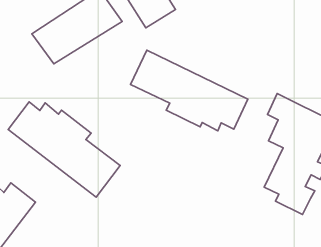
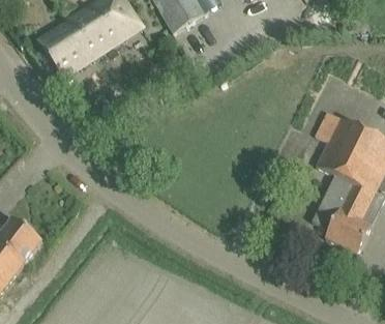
building: [130,50,248,131] -> none
building: [8,102,120,197] -> none

